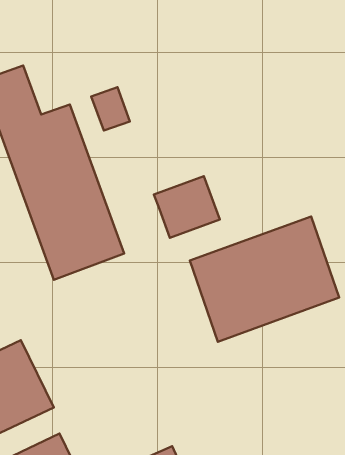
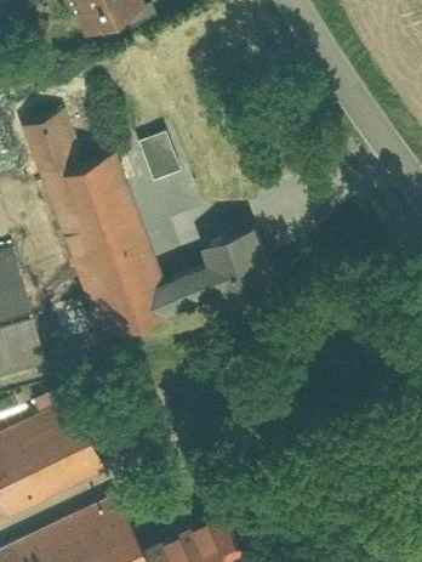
building: none -> [165,260,224,307]
building: [190,216,339,342] -> none

